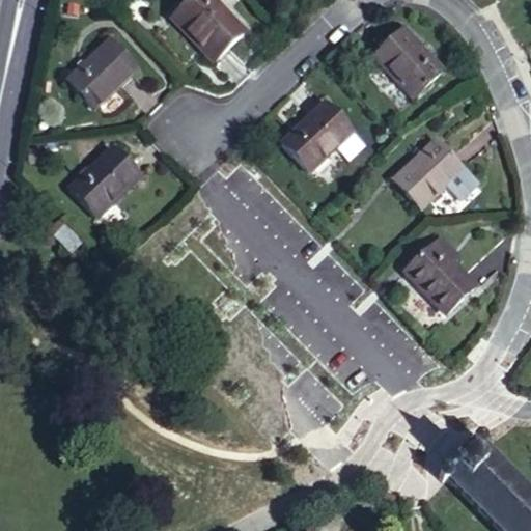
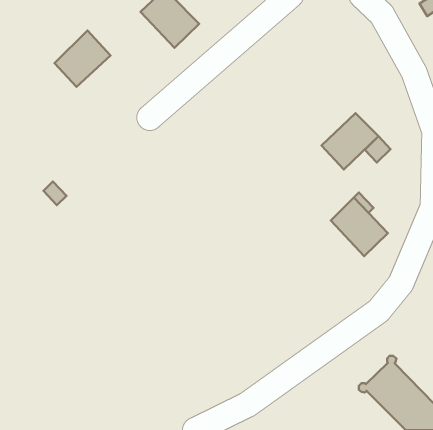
building: [373,27,442,94] -> none
building: [282,100,365,169] -> none
building: [71,145,140,215] -> none

